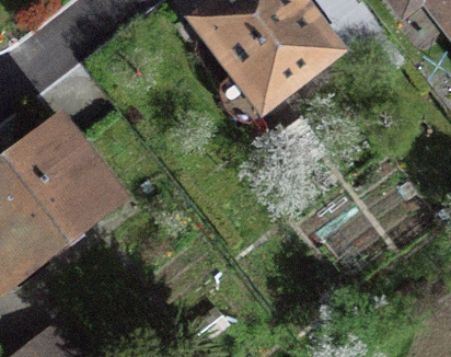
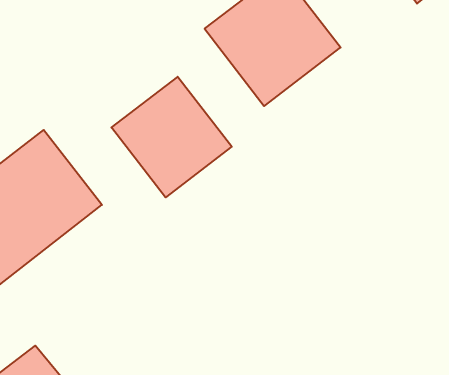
building: none -> [111,77,232,197]

